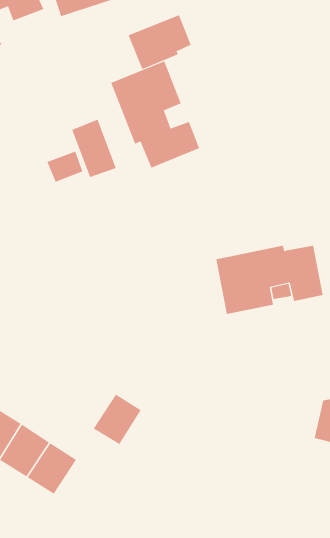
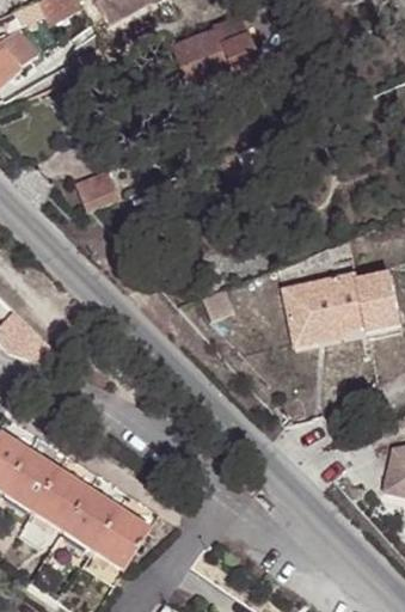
building: [110,61,200,168] -> none
building: [71,119,116,178] -> none
building: [93,394,142,445] -> [97,510,151,567]

